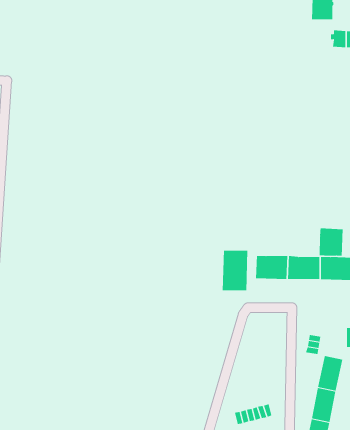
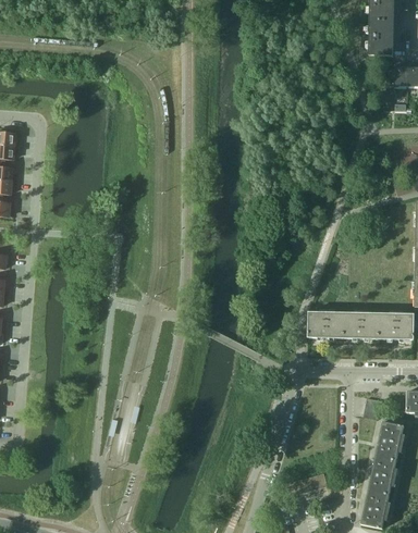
building: [319,227,343,257] -> none
building: [222,250,248,291] -> none

